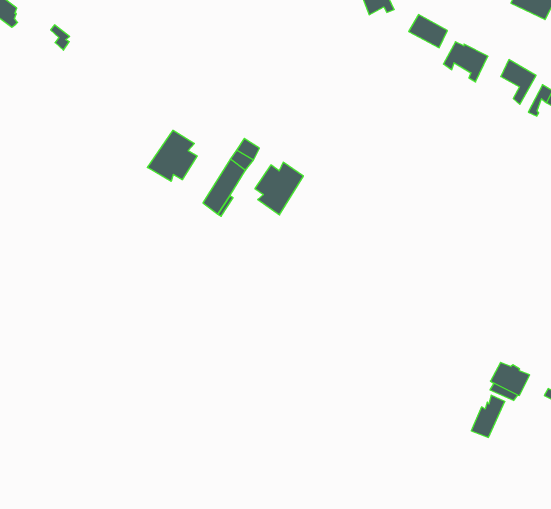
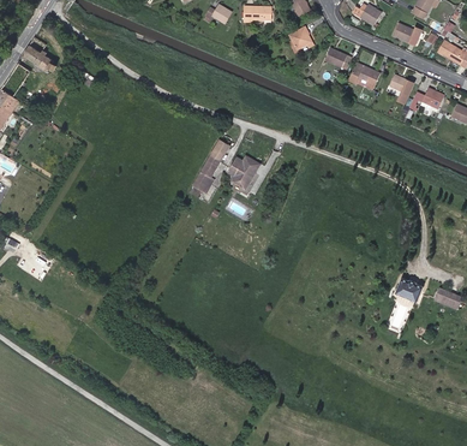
building: [147,130,197,181] -> none

